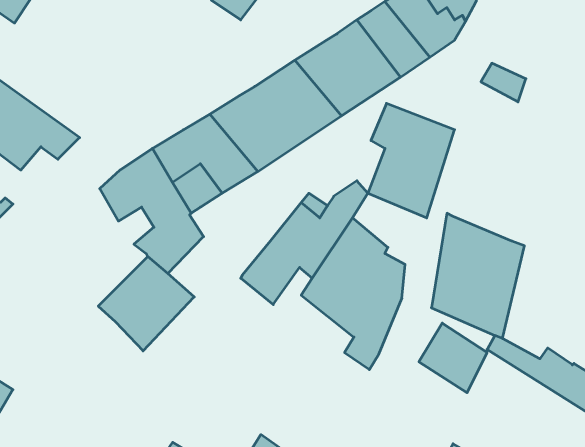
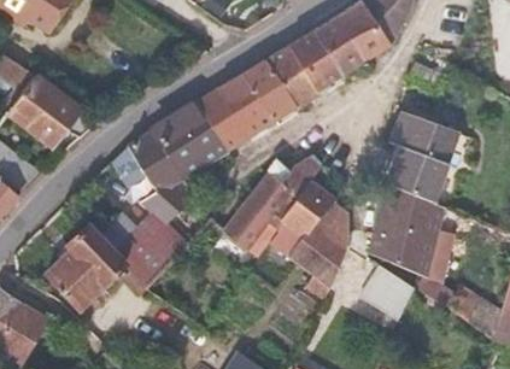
building: [368,103,455,218] -> [389,112,457,201]
building: none -> [49,227,127,310]

